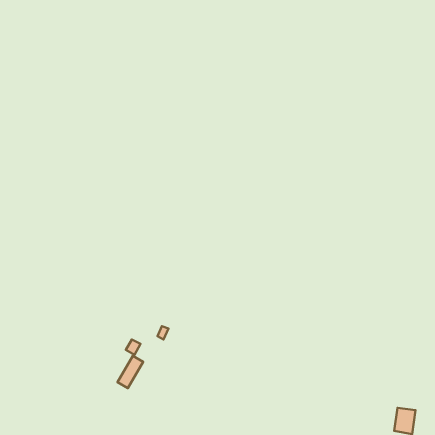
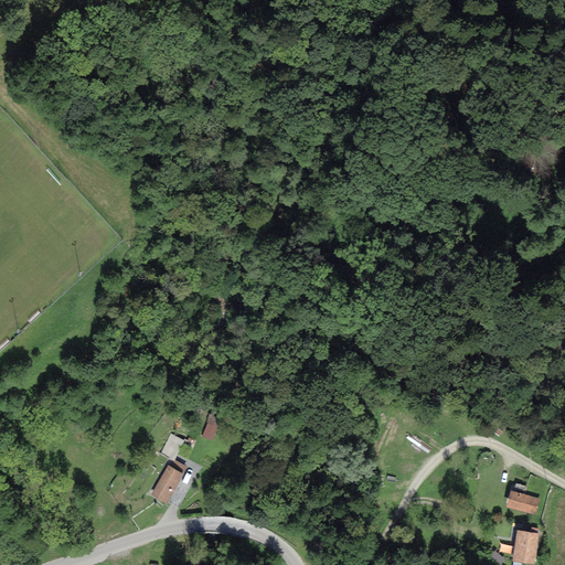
building: none -> [504,488,541,514]

